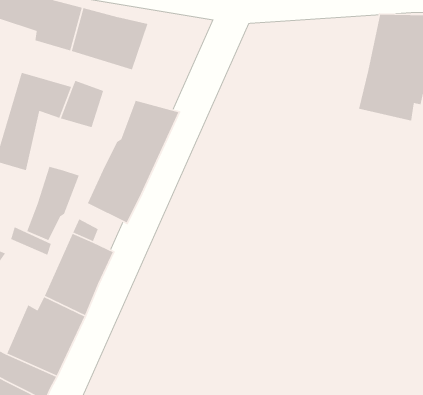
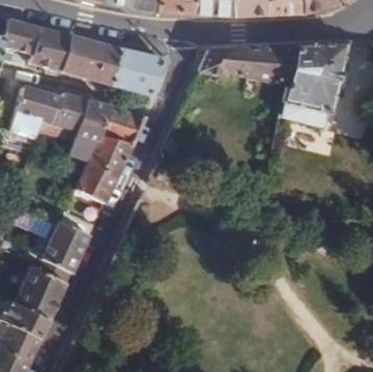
building: none -> [197,42,299,86]
building: none -> [109,50,165,99]
building: [26,166,80,241] -> [69,102,111,160]

